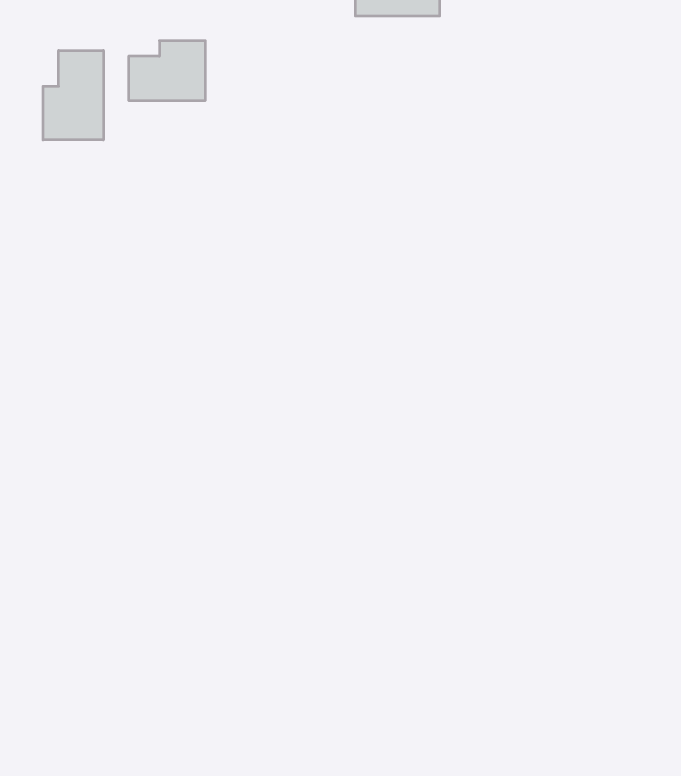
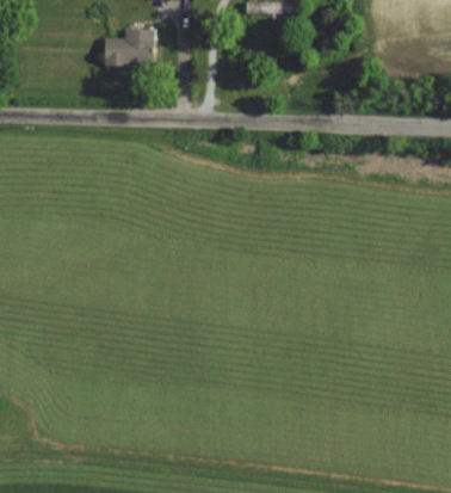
building: [43,50,103,140] -> none

